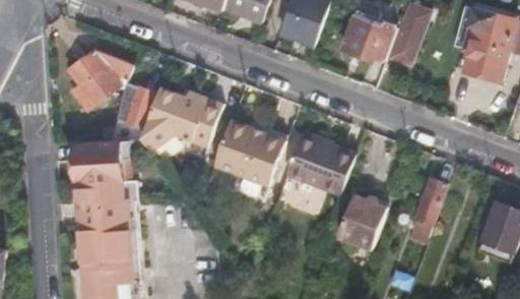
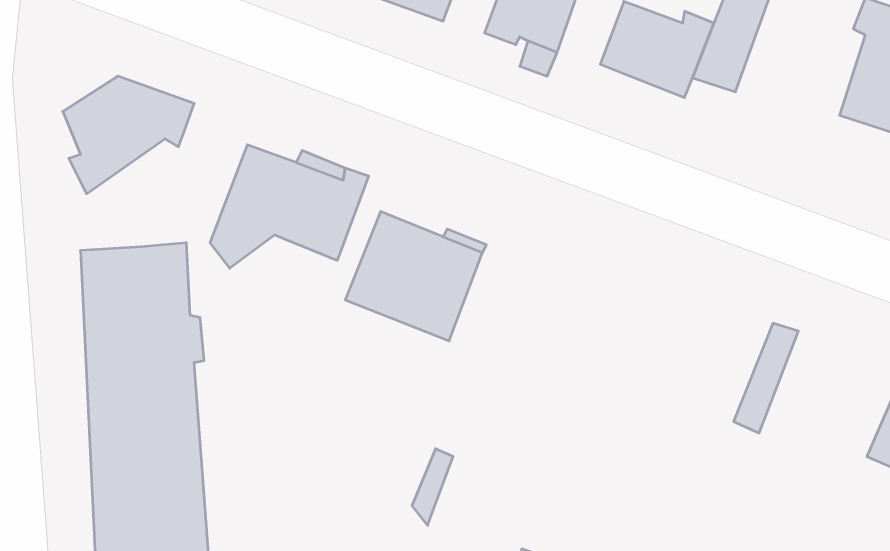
building: [114,80,150,123] -> none
building: [282,132,354,201] -> none
building: [335,198,384,252] -> none

